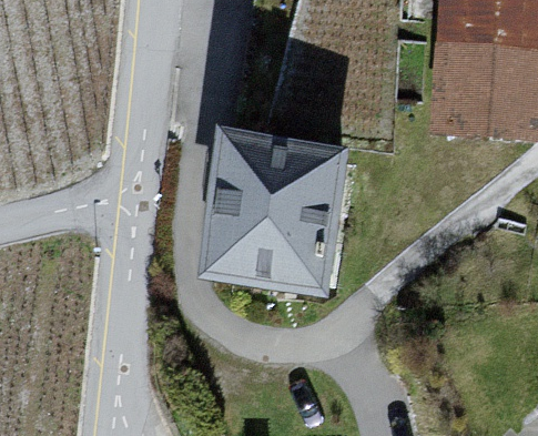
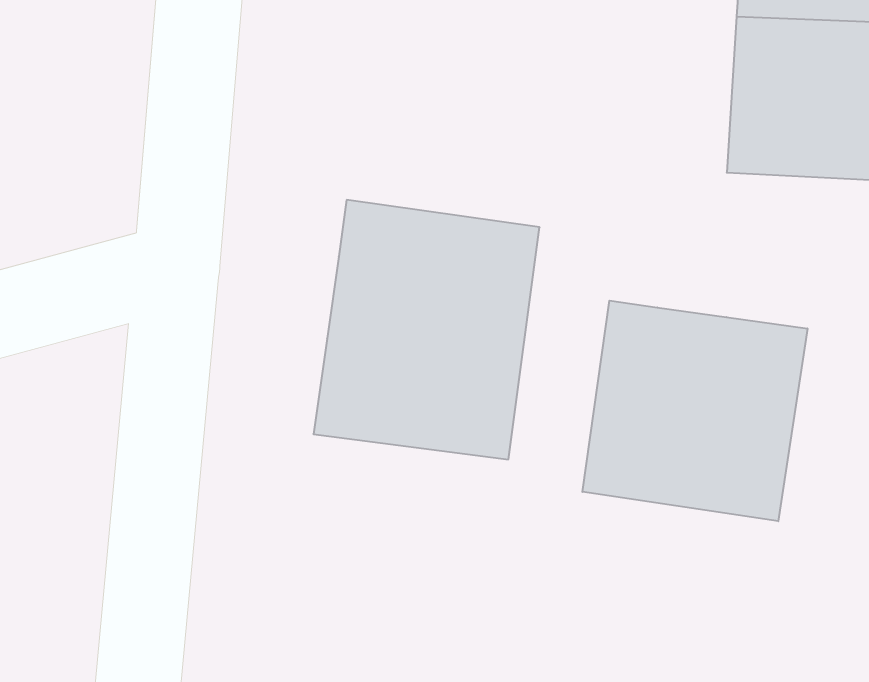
building: none -> [582,301,807,521]

